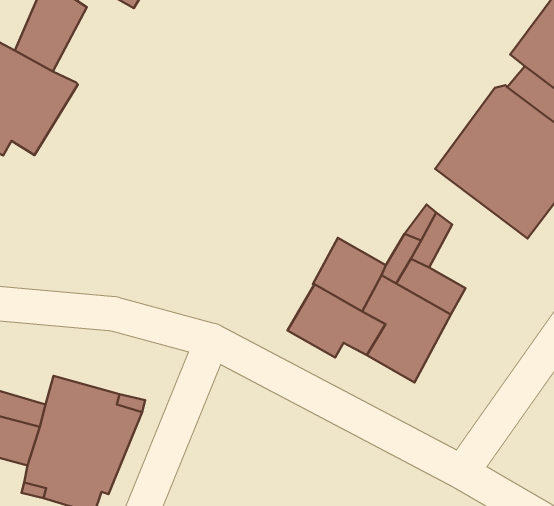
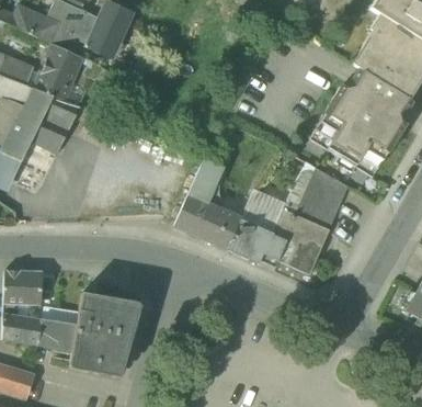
building: none -> [175,160,242,249]
building: none -> [313,172,350,212]

